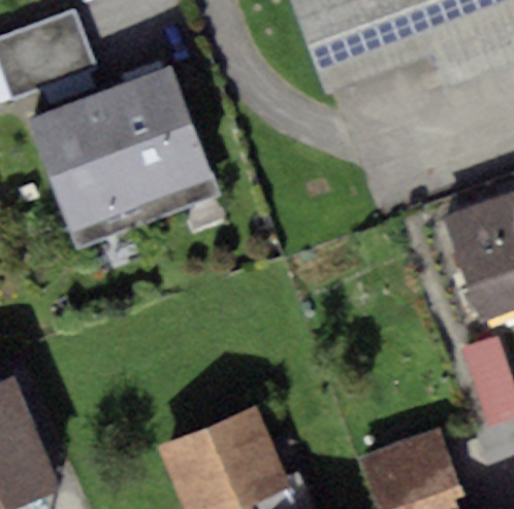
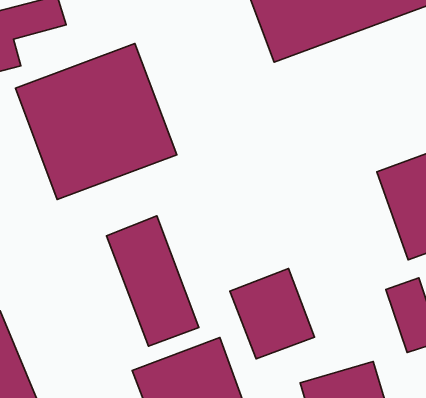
building: none -> [107,216,199,346]
building: none -> [230,268,314,359]

